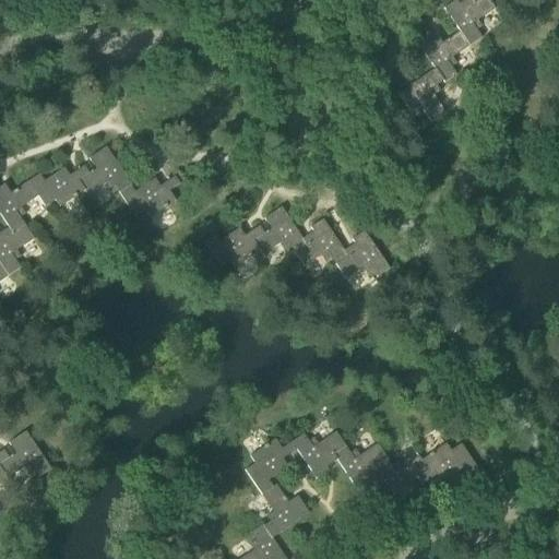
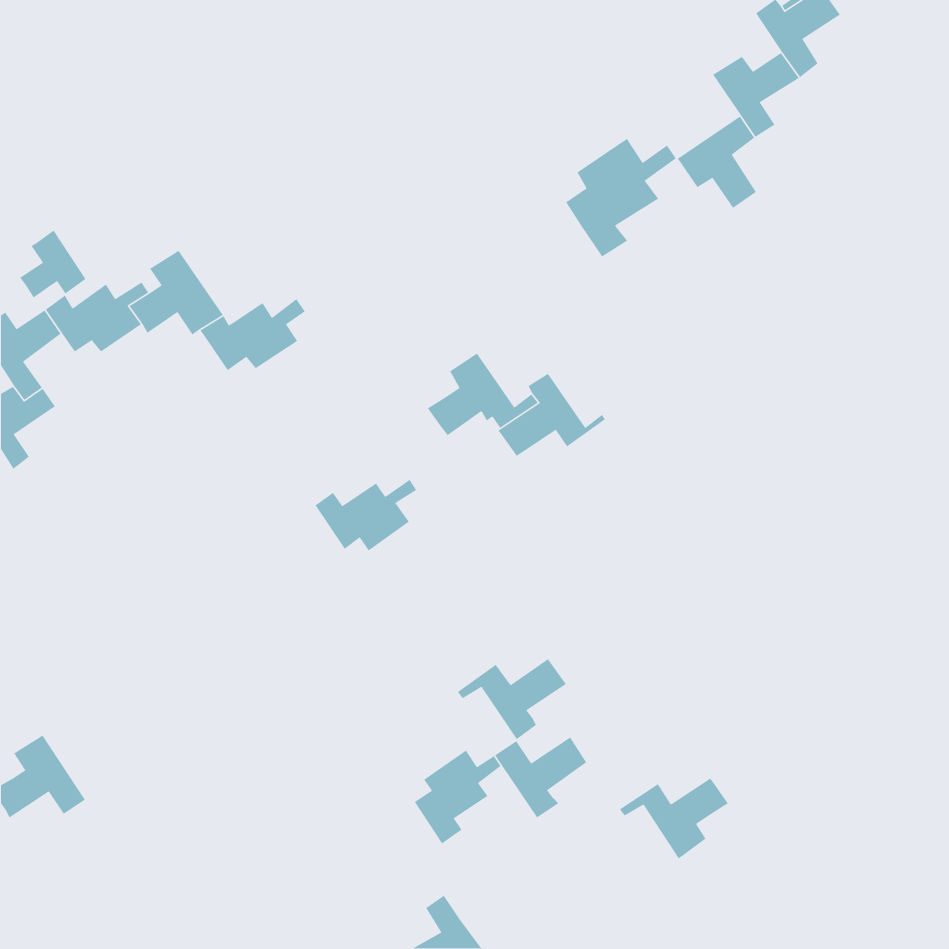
building: none -> [565,138,677,258]
building: none -> [19,230,87,298]
building: [204,225,264,267] -> [315,479,417,552]
building: [334,230,391,280] -> none
building: [323,443,388,491] -> [457,658,567,740]
building: [417,443,478,485] -> none
building: [261,484,309,538] -> none

